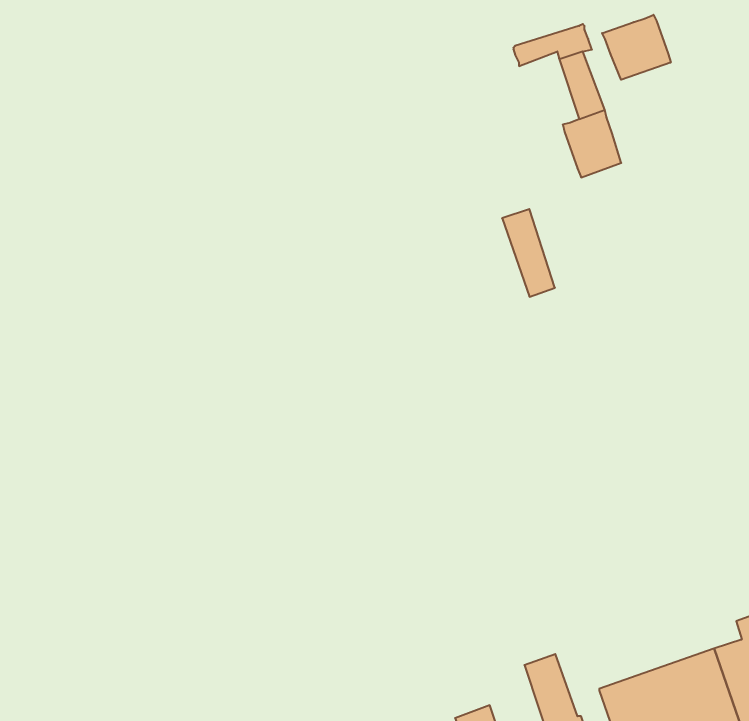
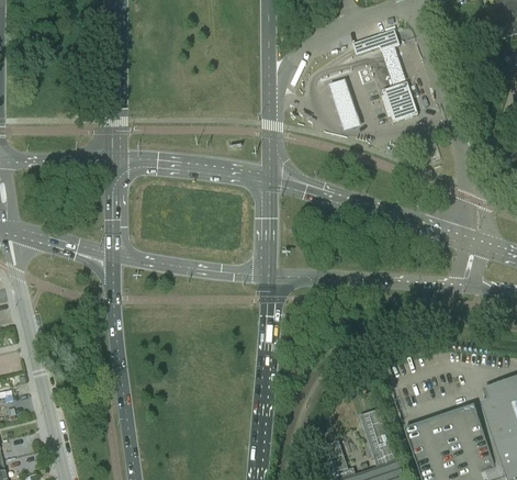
building: [602,15,671,80] -> none
building: [502,209,555,297] -> [328,79,360,132]

